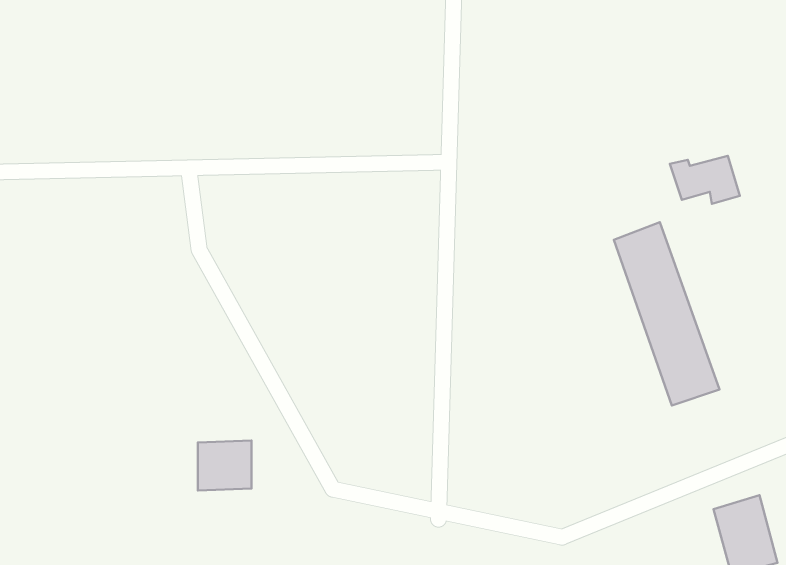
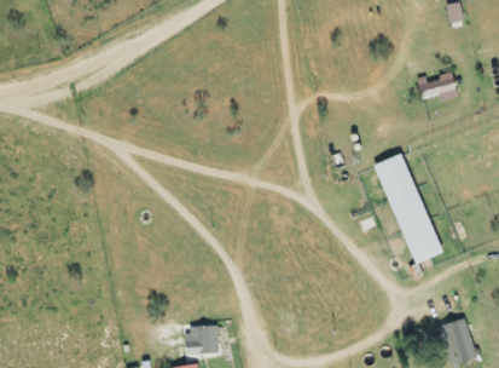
building: [670,156,740,204] -> [416,71,458,100]
building: [198,441,252,490] -> [185,324,217,355]

